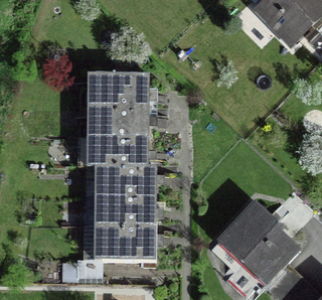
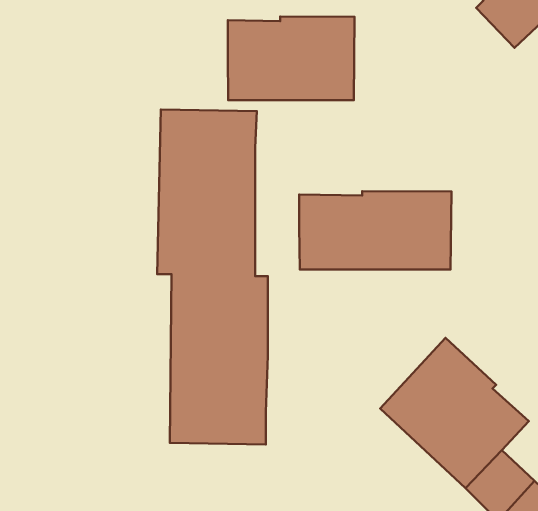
building: none -> [228,17,355,100]
building: none -> [299,191,451,269]

